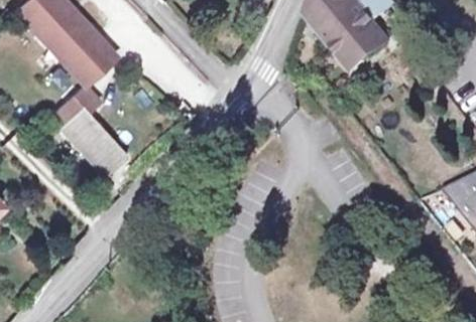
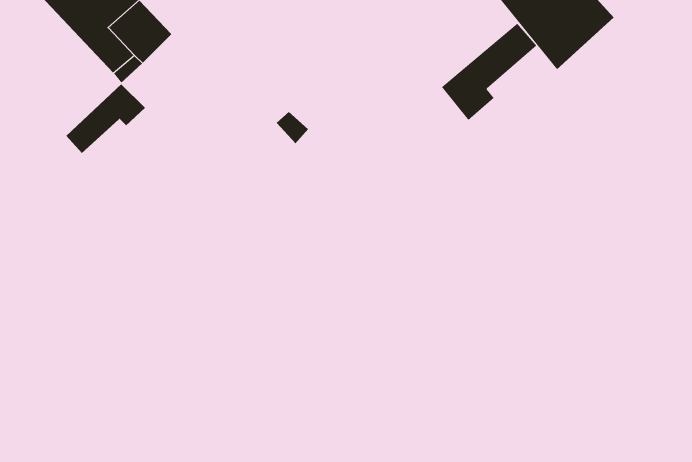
building: none -> [441,23,537,121]
building: [62,107,129,175] -> none

